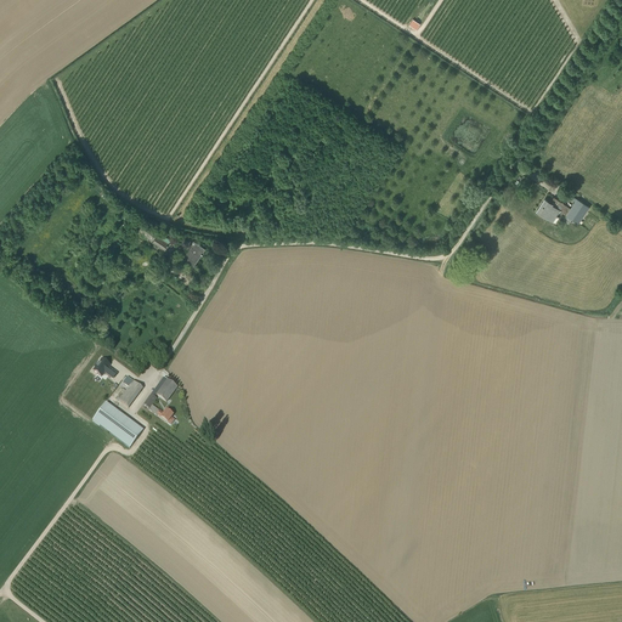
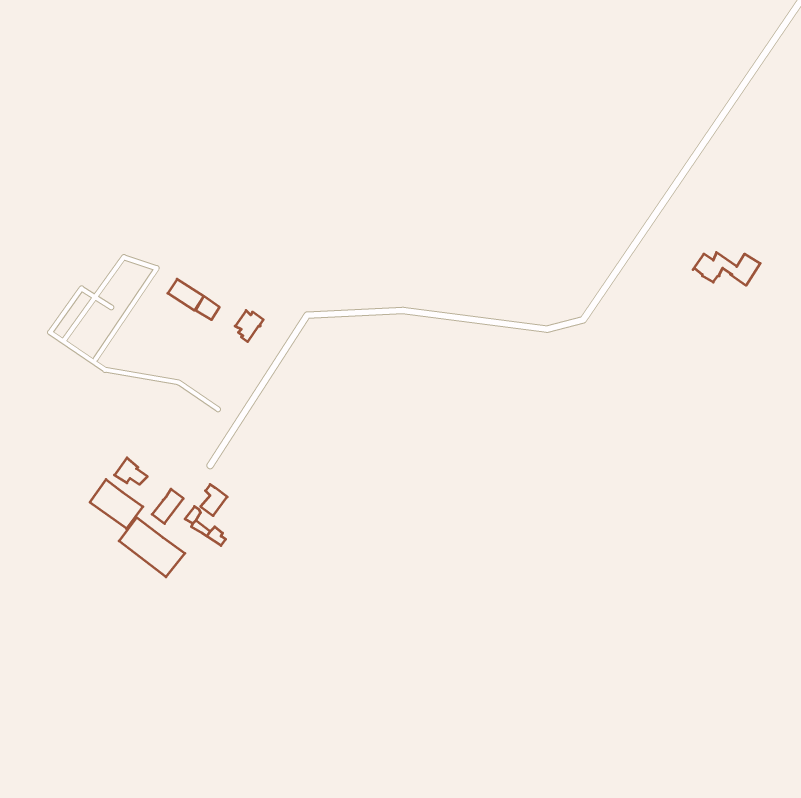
building: none -> [90,479,143,529]

